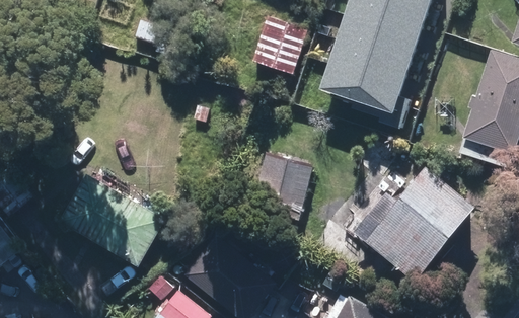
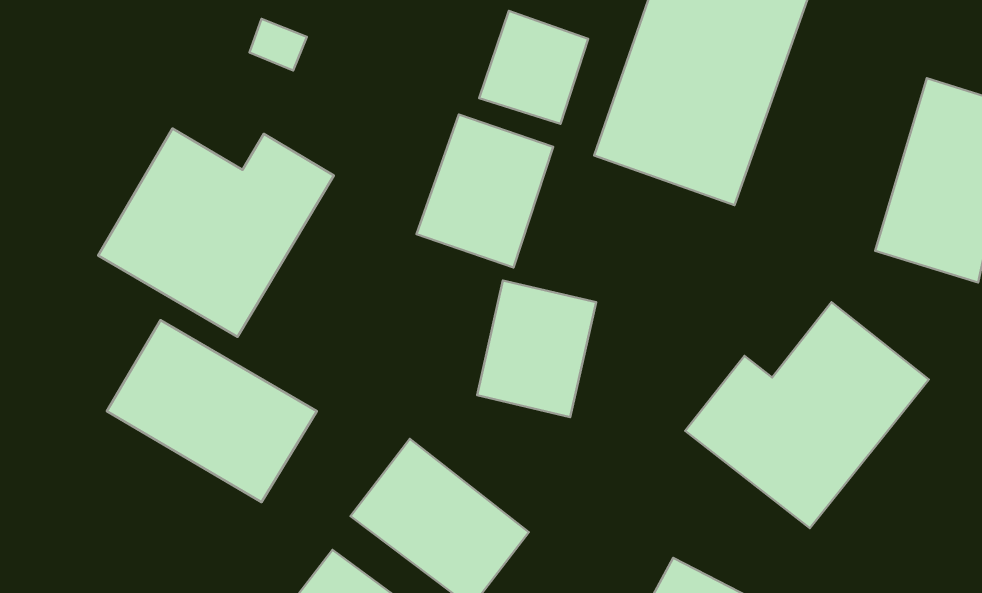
building: none -> [417,114,553,267]
building: none -> [98,128,334,337]

